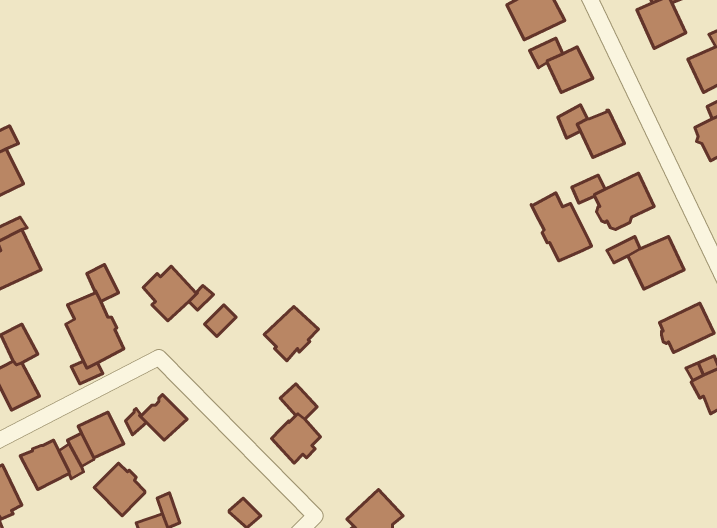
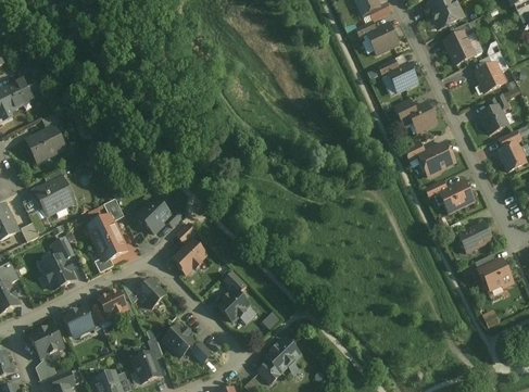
building: [531,193,592,261] -> none
building: [264,306,319,361] -> [172,240,205,274]
building: [94,463,145,516] -> [162,324,193,356]

